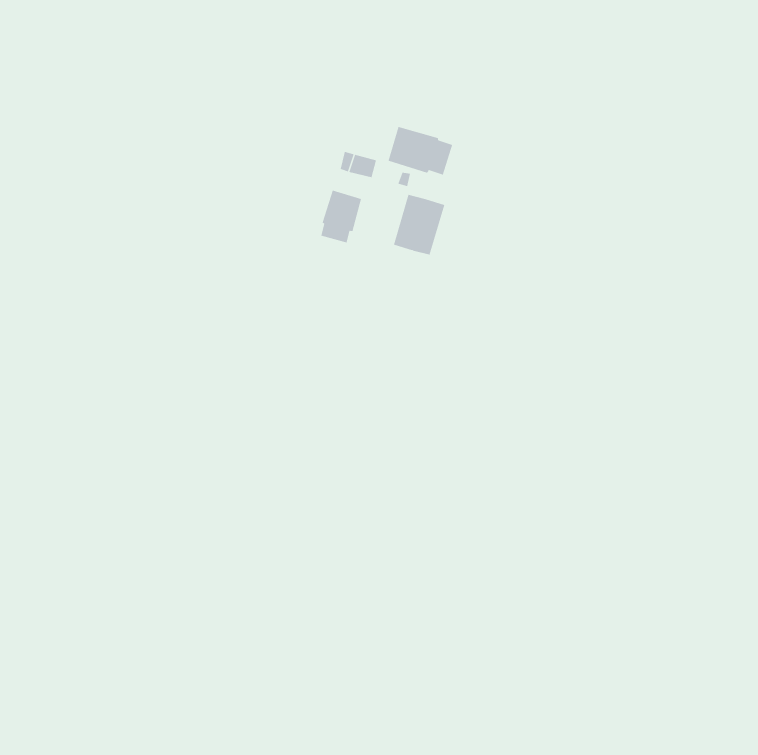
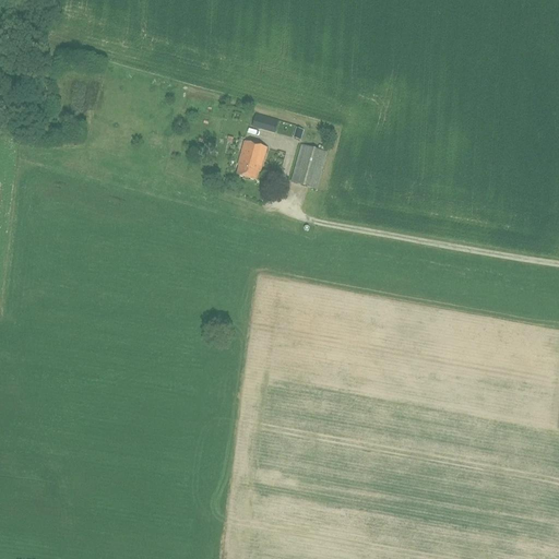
building: [388,126,453,176] -> none

